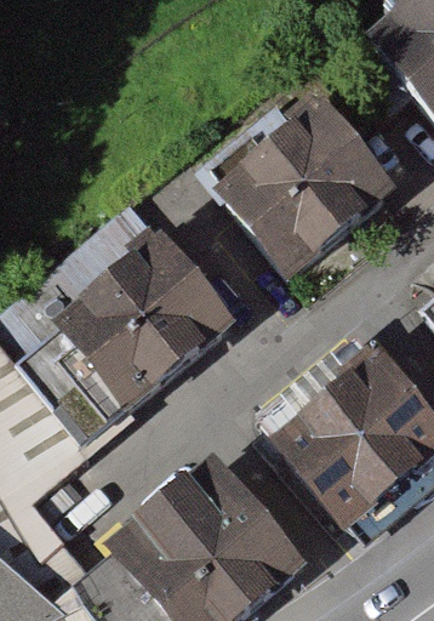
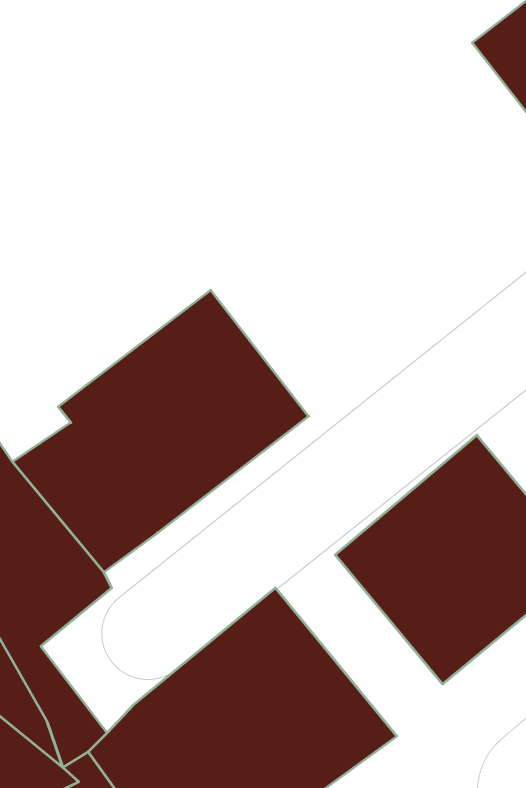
building: [204,91,392,278] -> none

